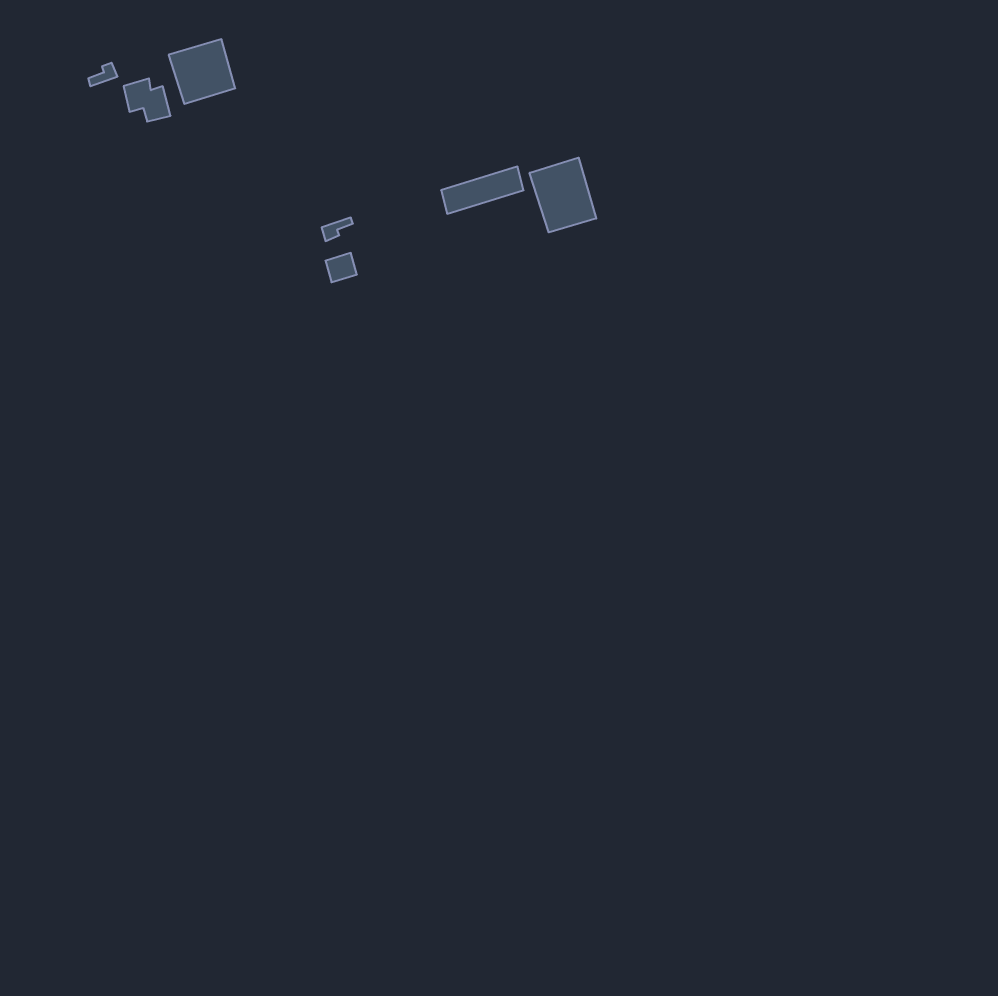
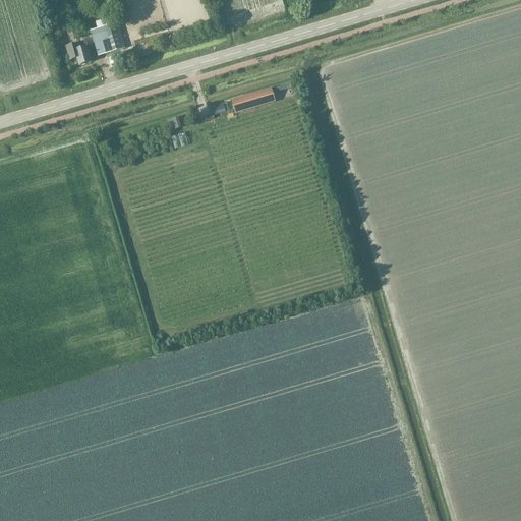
building: [530,158,596,232] -> none

